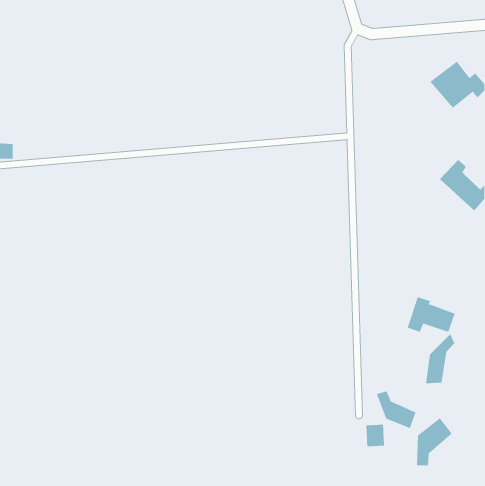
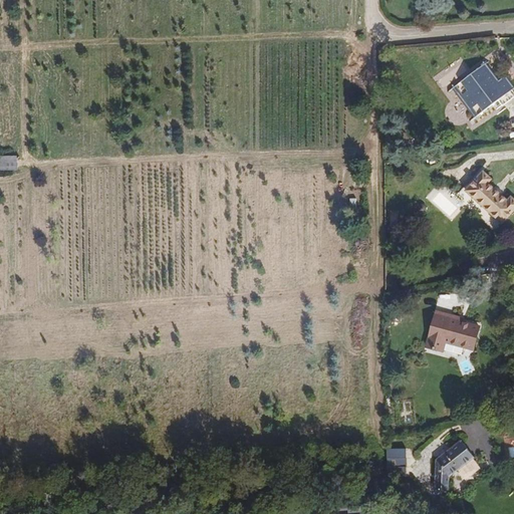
building: [426,333,455,384] -> none
building: [376,391,416,429] -> none

